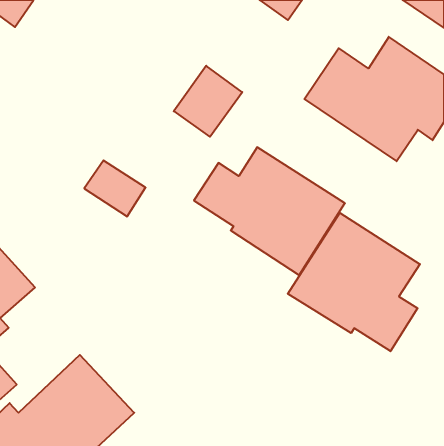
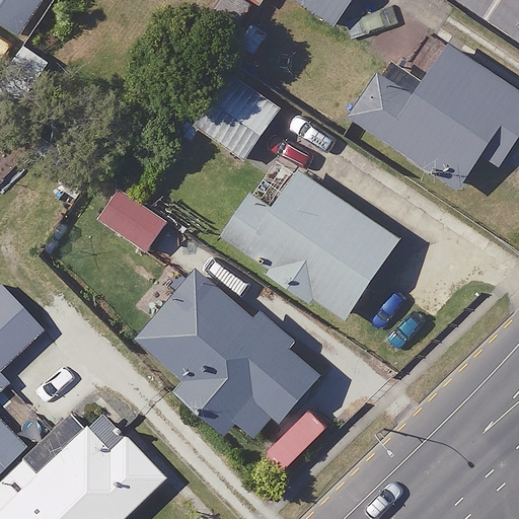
building: [288,213,420,351] -> none
building: none -> [137,264,323,435]

